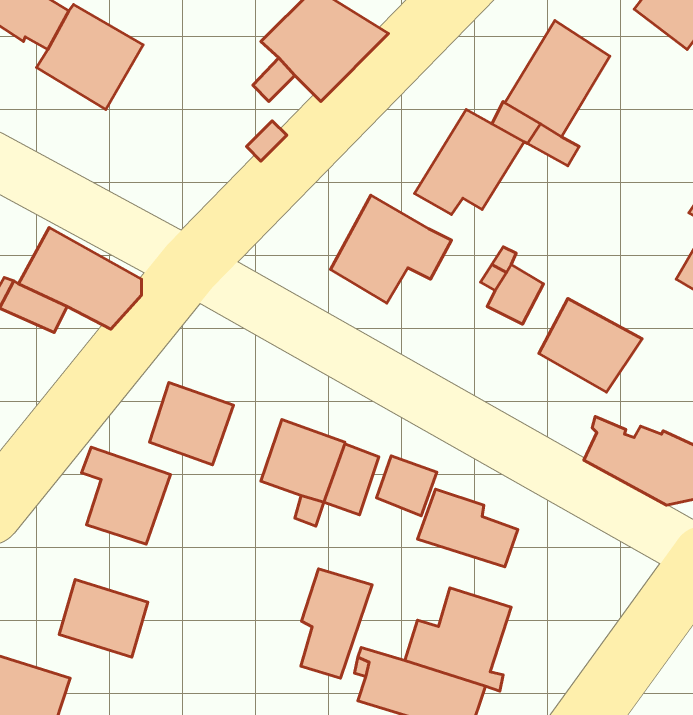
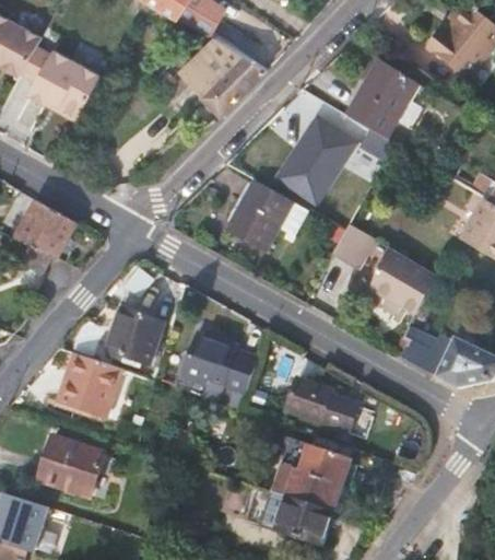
building: [377,456,437,516] -> none
building: [301,569,372,678] -> none

